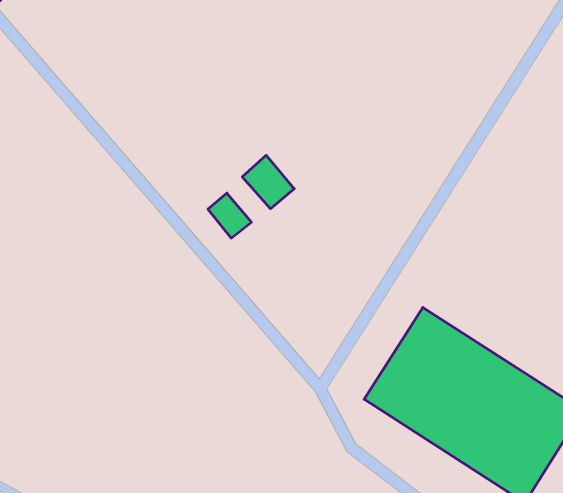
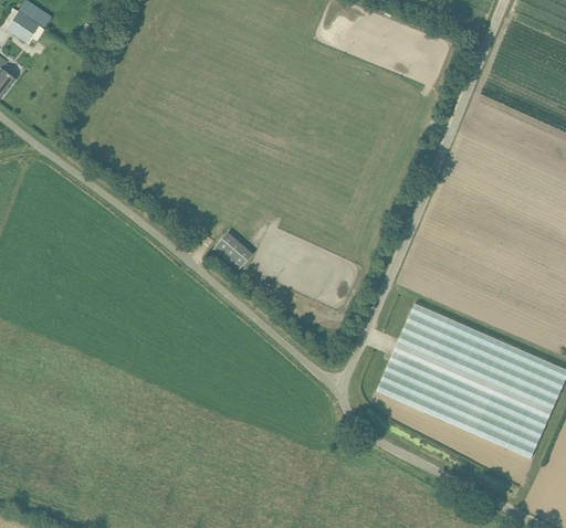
building: [242,155,294,209] -> none

